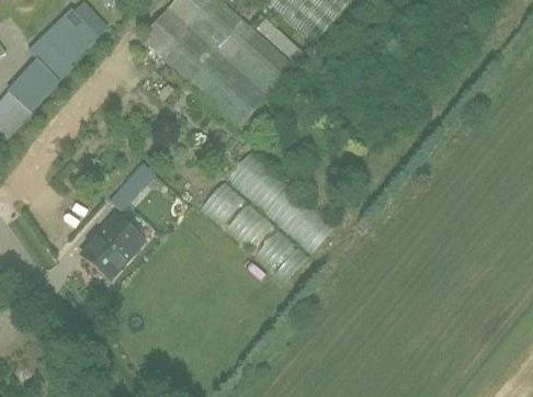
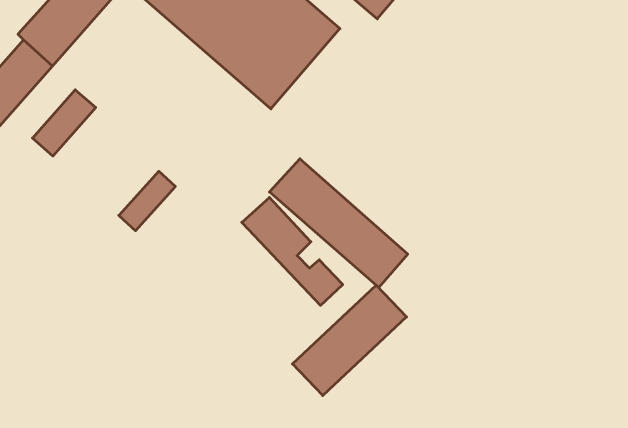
building: none -> [32,90,96,156]
building: [73,204,150,282] -> none
building: none -> [292,285,407,396]

